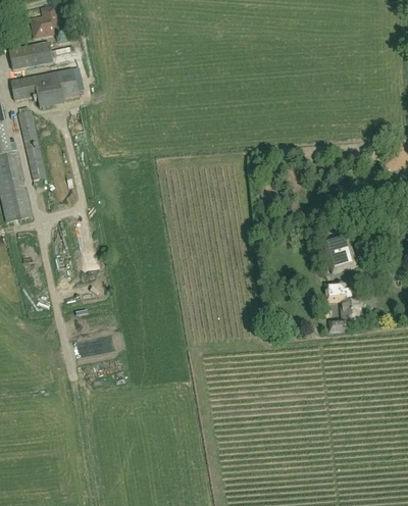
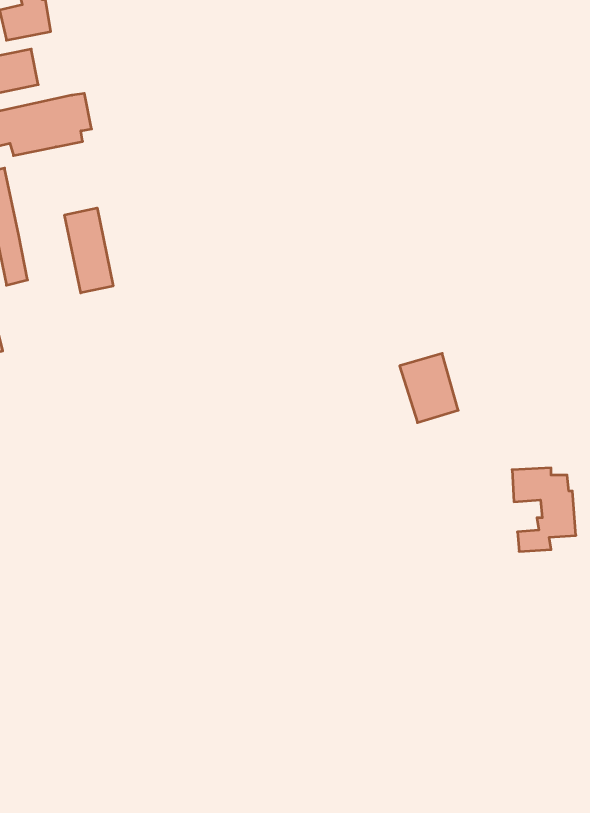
building: none -> [65,208,113,293]
building: [321,232,355,271] -> [400,353,458,423]

